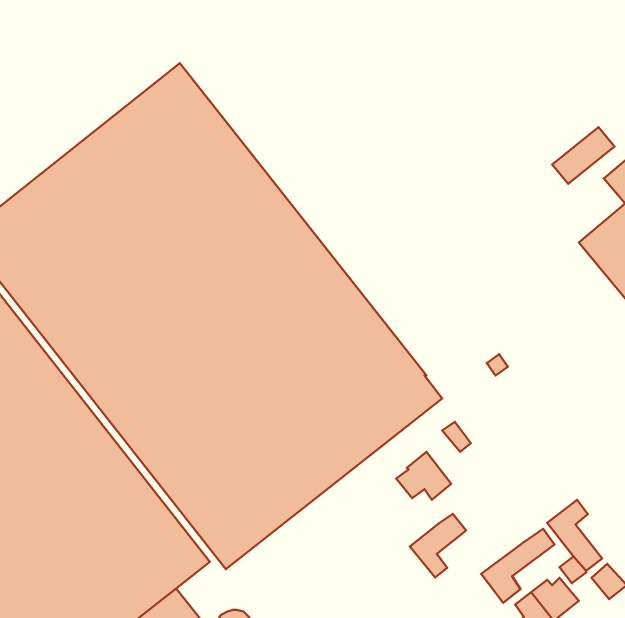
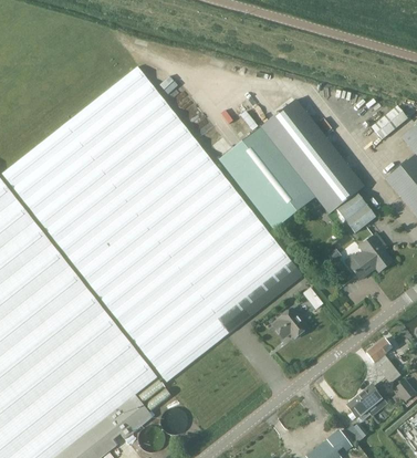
building: none -> [218,100,375,229]
building: none -> [345,235,393,280]
building: [410,514,466,578] -> none
building: [481,529,555,603] -> none

